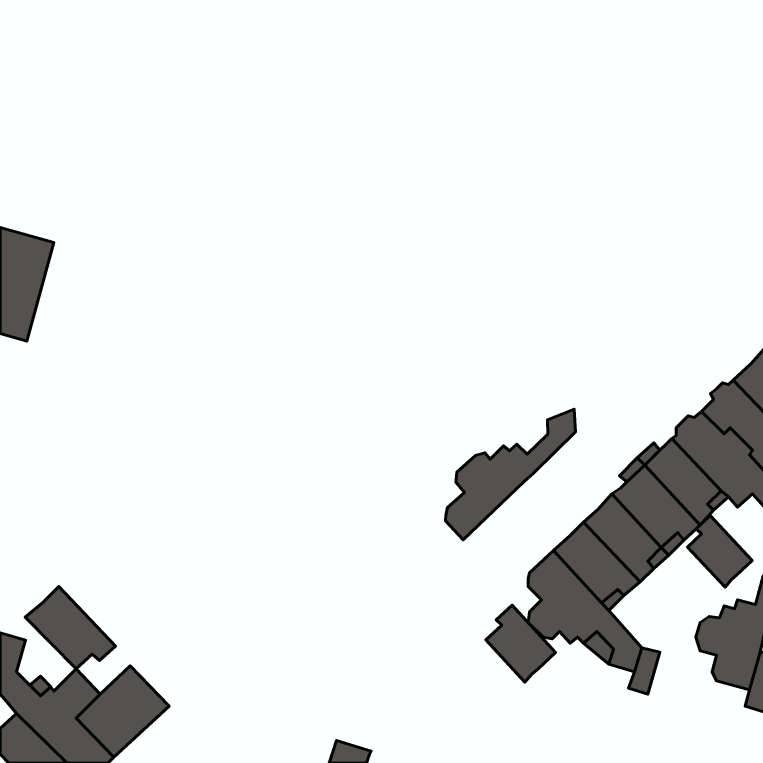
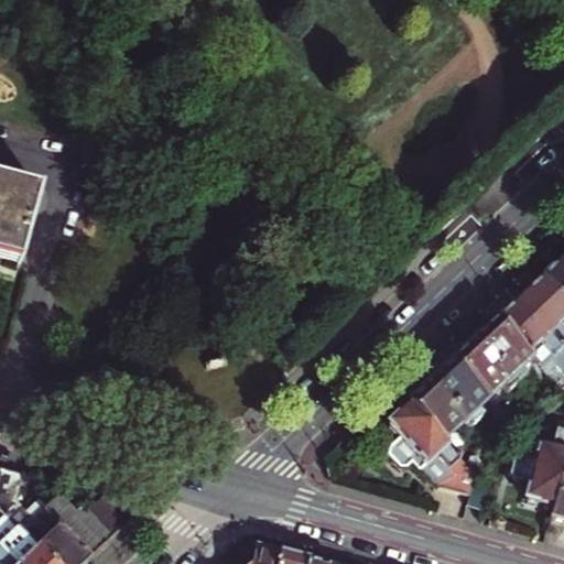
building: [446,409,575,540] -> none
building: [687,515,752,587] -> none
building: [25,587,115,669] -> none
building: [486,605,556,682] -> none

